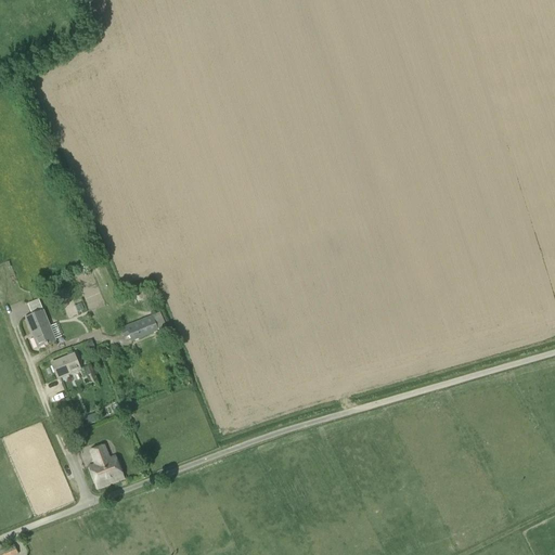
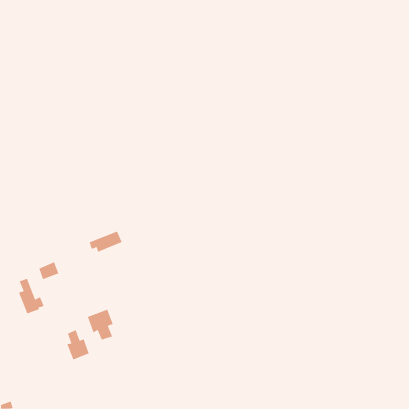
building: [26,298,62,347] -> [18,278,44,314]
building: none -> [87,309,114,341]

